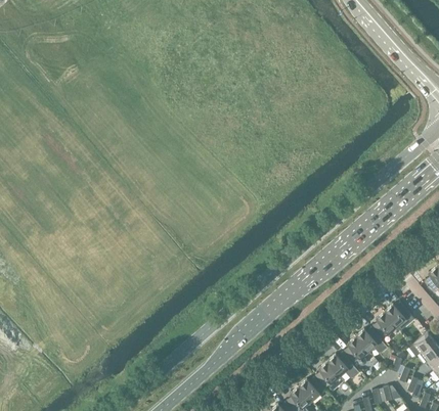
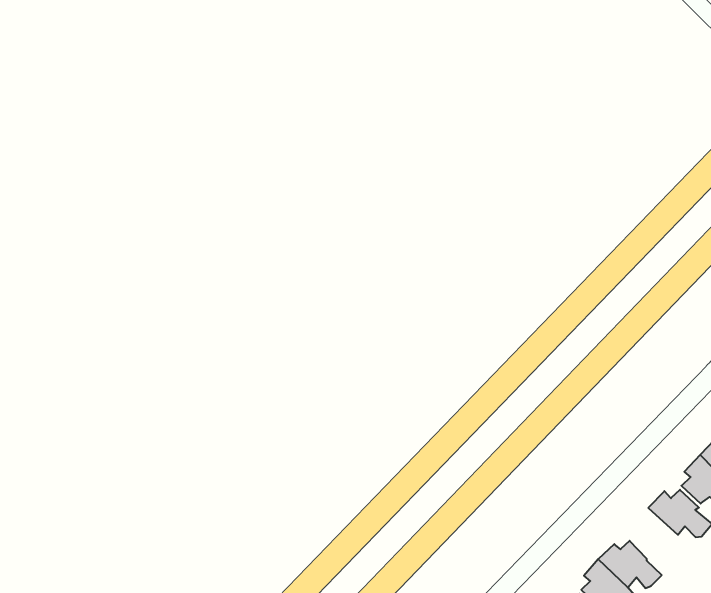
building: [345,337,369,366] -> none

